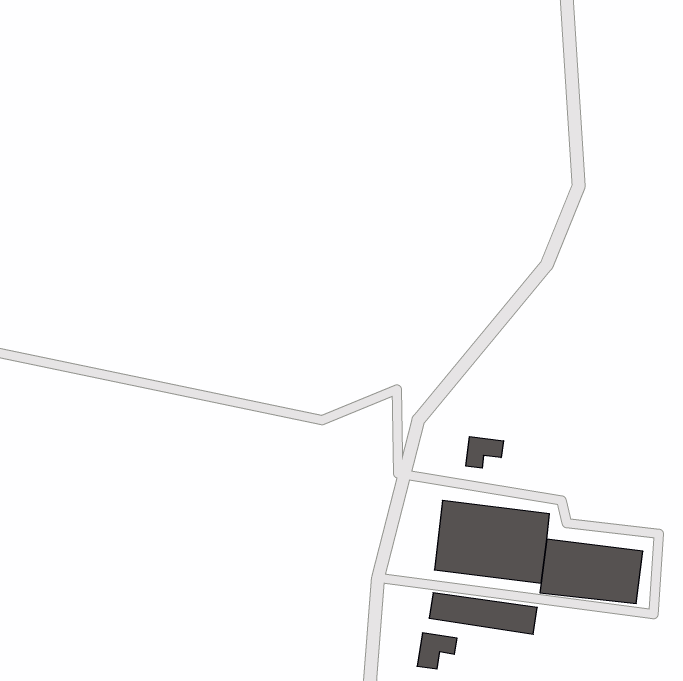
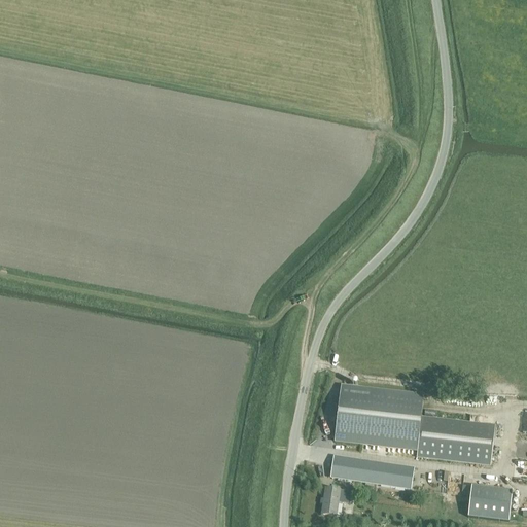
building: [466,437,504,468] -> none
building: none -> [465,484,510,519]

